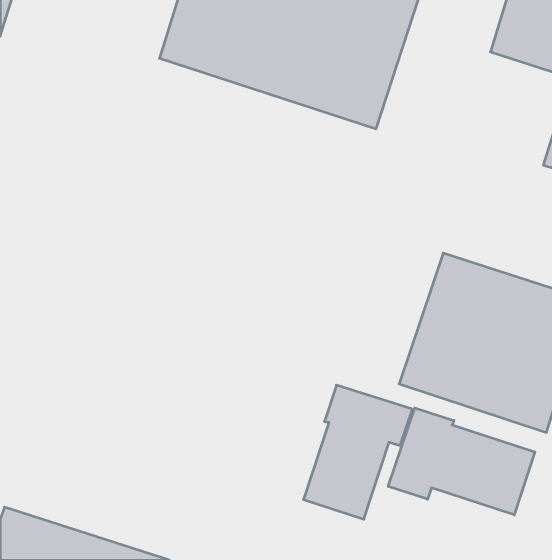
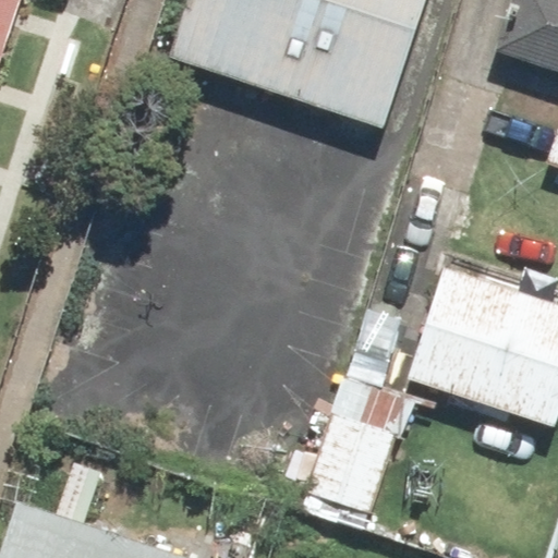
building: [388,408,535,515] -> none

